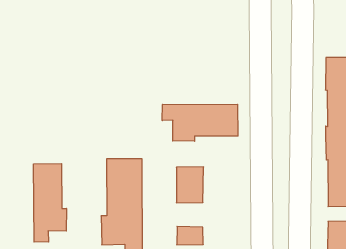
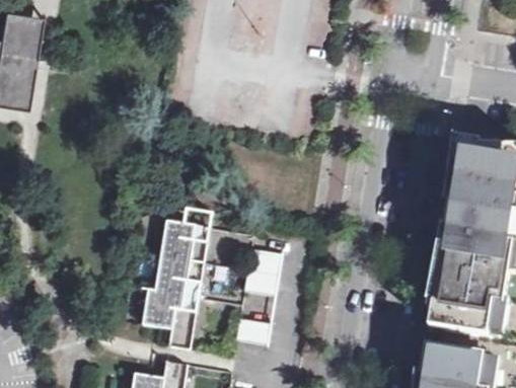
building: [162,104,238,141] -> none
building: [34,164,66,242] -> none

